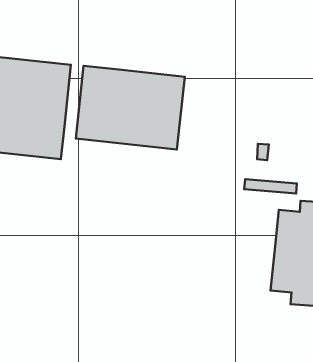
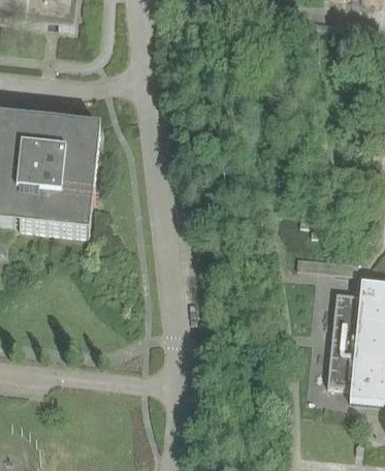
building: [76,66,185,149] -> none

